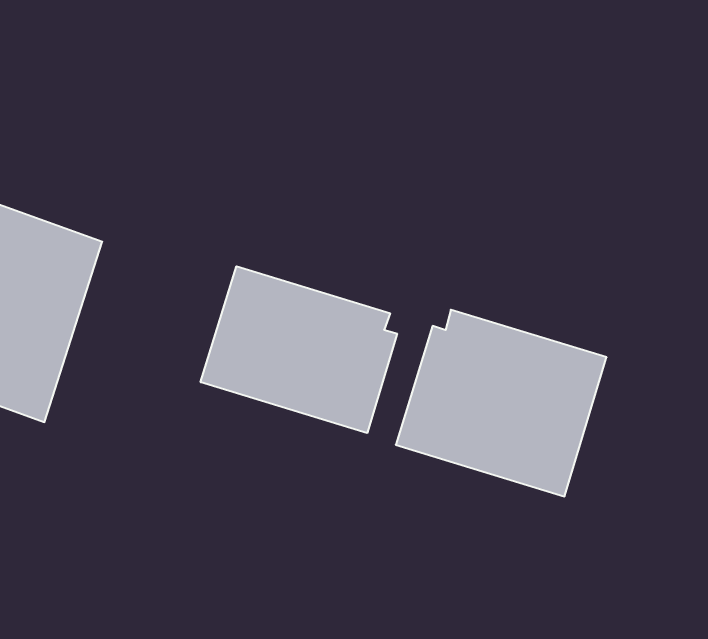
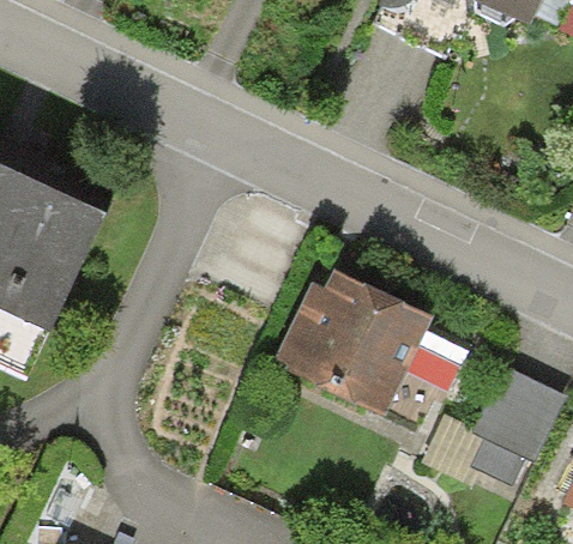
building: [201,266,397,433] -> none

